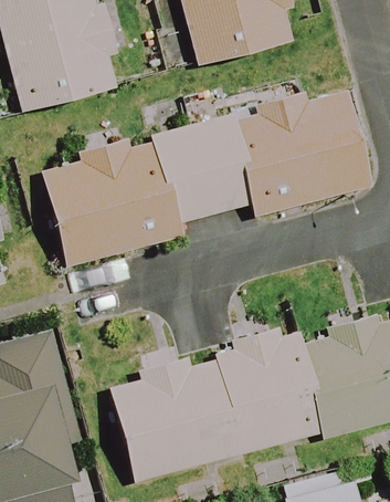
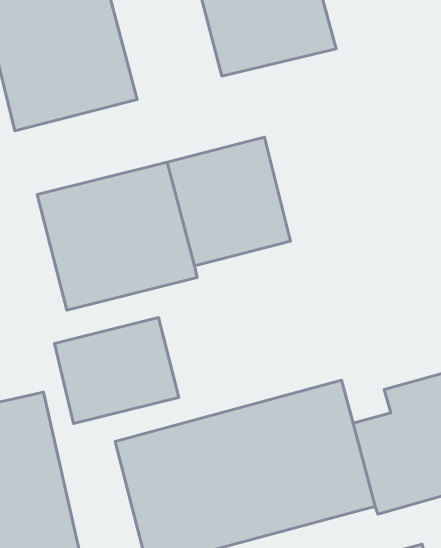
building: [234,88,369,216] -> none
building: none -> [55,318,179,424]

